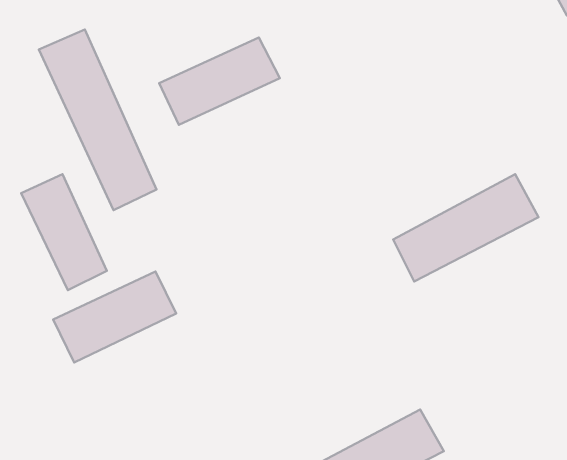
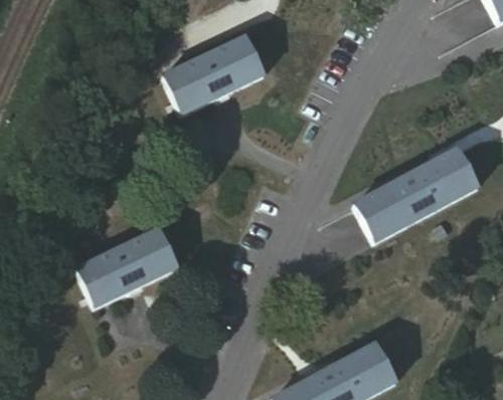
building: [39,30,157,210] -> none
building: [21,174,107,290] -> none

